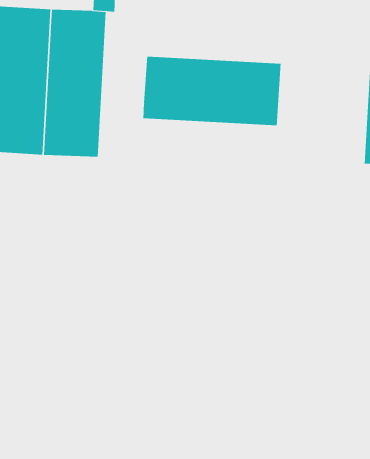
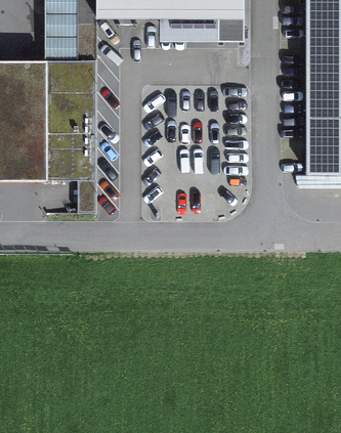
building: [143,56,281,126] -> none

